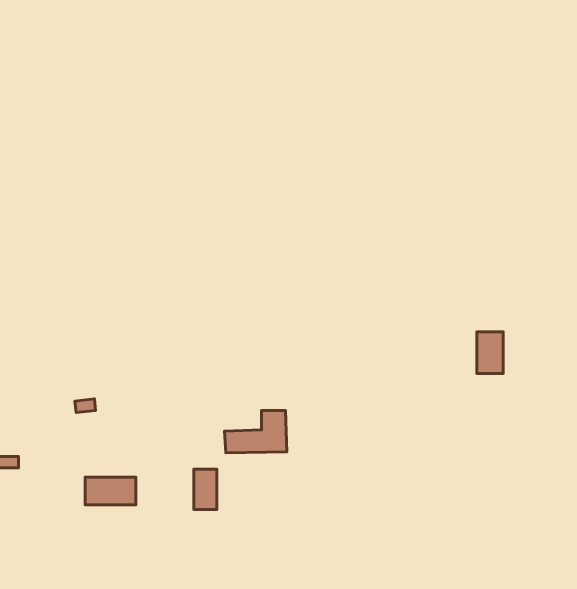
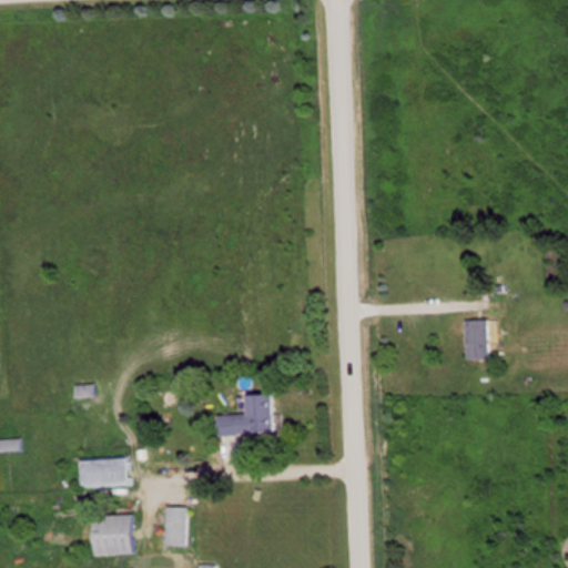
building: [194,469,217,510] -> [163,507,185,546]
building: none -> [94,516,135,555]

